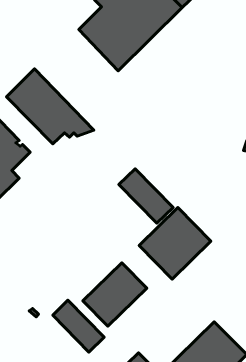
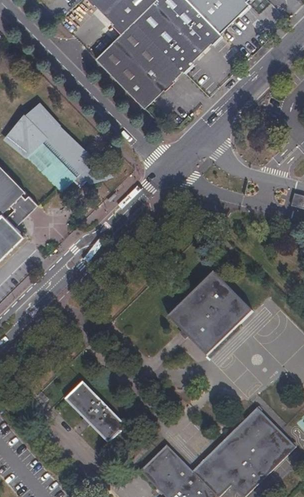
building: [119,169,173,223] -> none
building: [83,263,147,326] -> none

